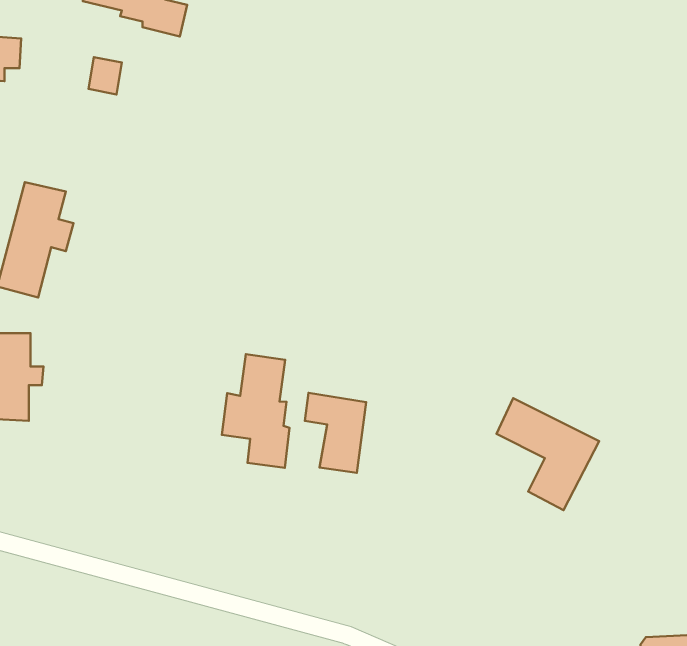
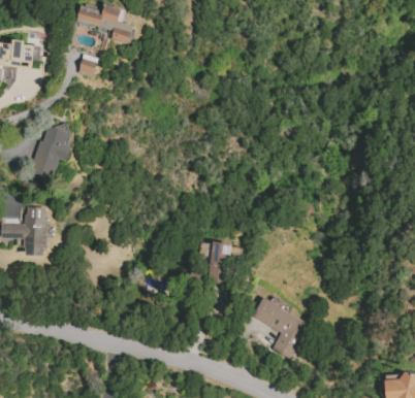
building: [222,354,290,468] -> none
building: [496,398,599,510] -> [253,298,310,360]

